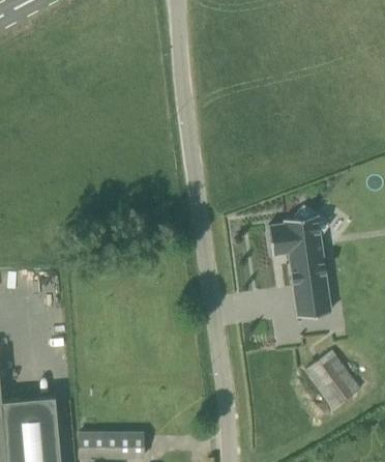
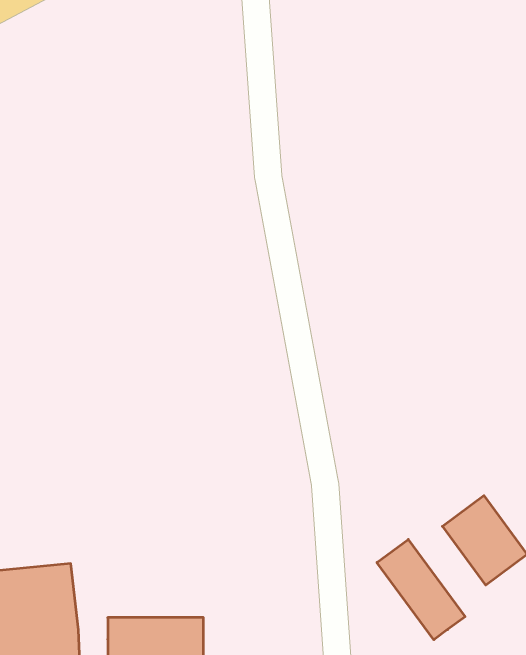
building: [268,206,330,317] -> none
building: none -> [377,539,465,640]

